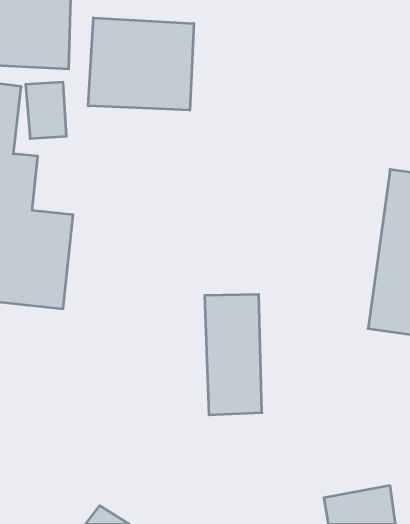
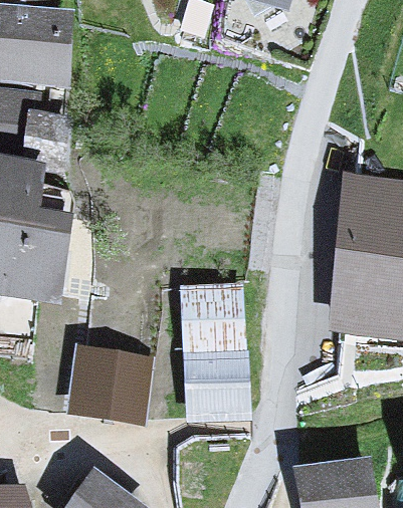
building: [88,18,194,110] -> none
building: none -> [71,343,151,416]

